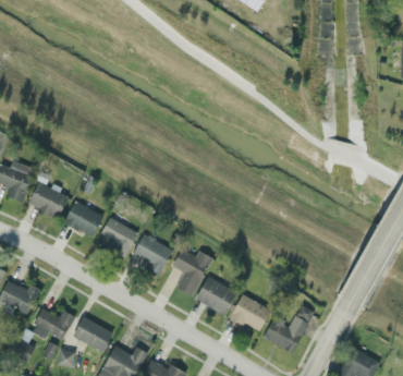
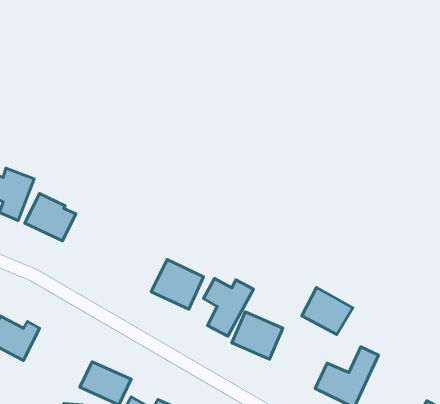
building: [63,201,103,236] -> none
building: [100,216,138,256] -> none
building: [230,293,271,331] -> [302,288,353,335]
building: [30,308,74,340] -> none

